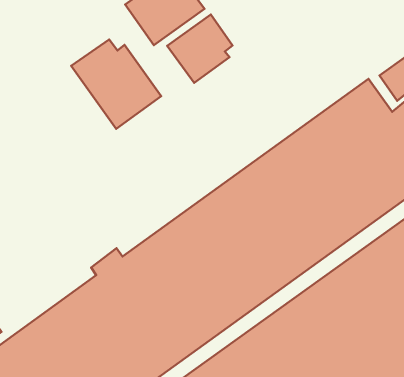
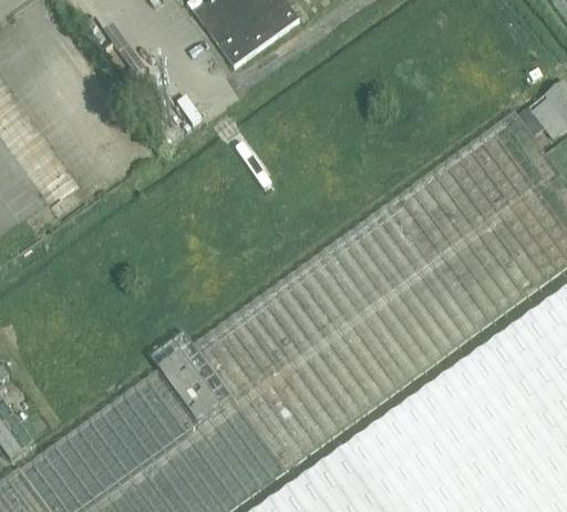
building: [167,14,232,83] -> none
building: [71,40,161,129] -> none

